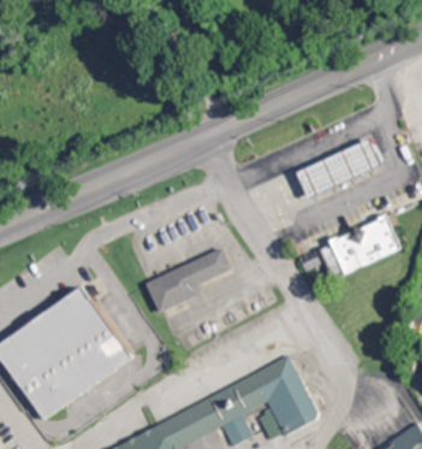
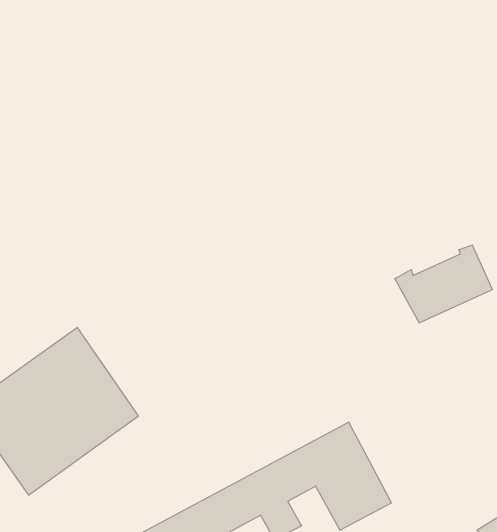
building: [291,140,376,197] -> none
building: [144,247,232,314] -> none

